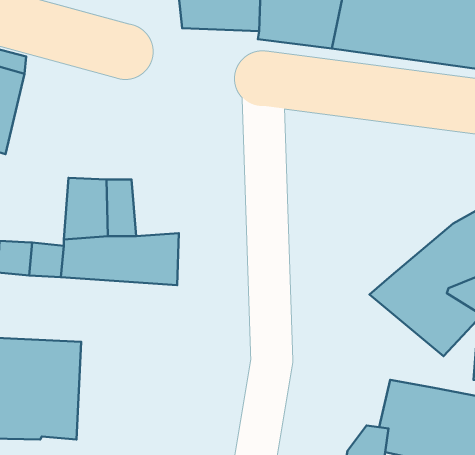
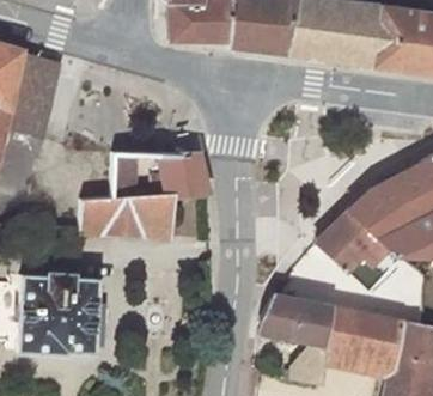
building: none -> [155,152,205,194]
building: none -> [261,294,329,341]

